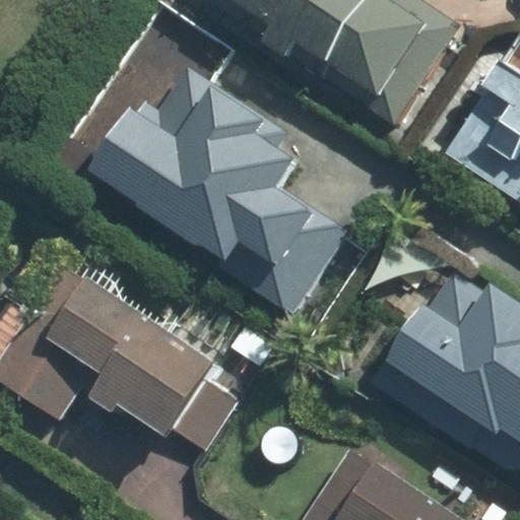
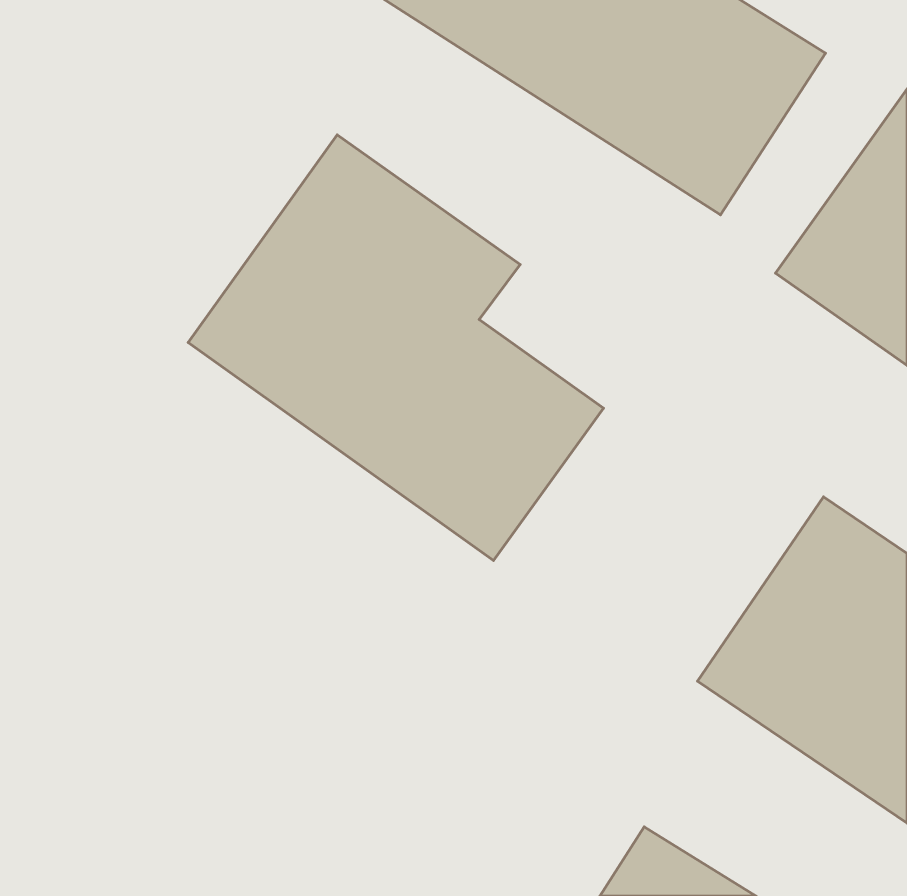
building: [8,247,225,425] -> none

